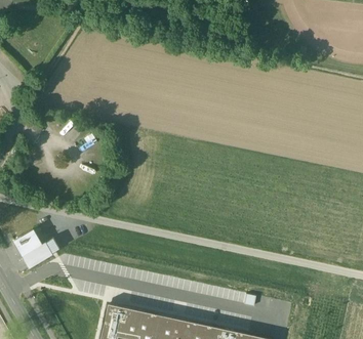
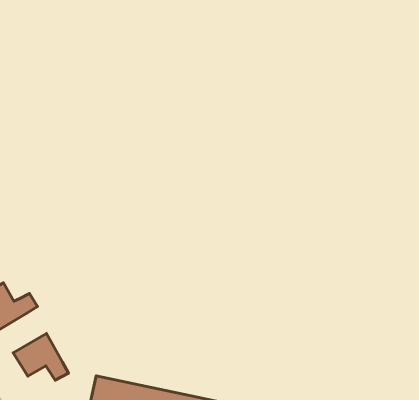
building: none -> [13,333,68,380]

